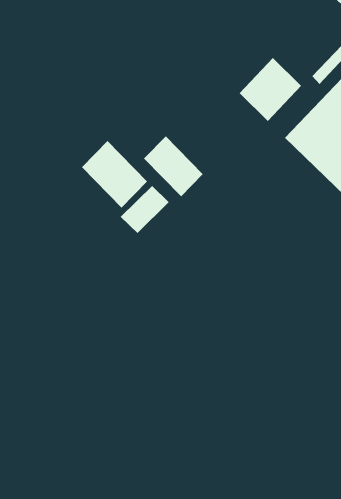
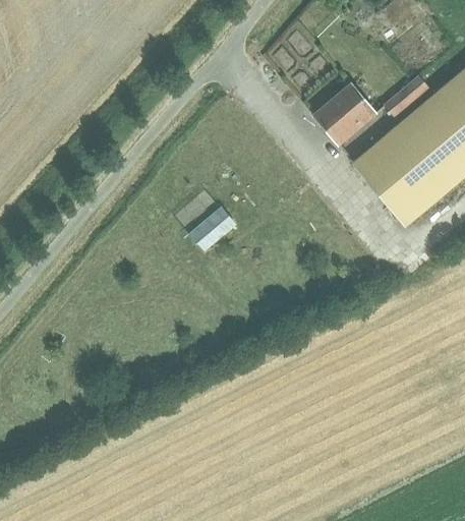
building: [143,136,204,197] -> none
building: [81,140,148,209] -> none

